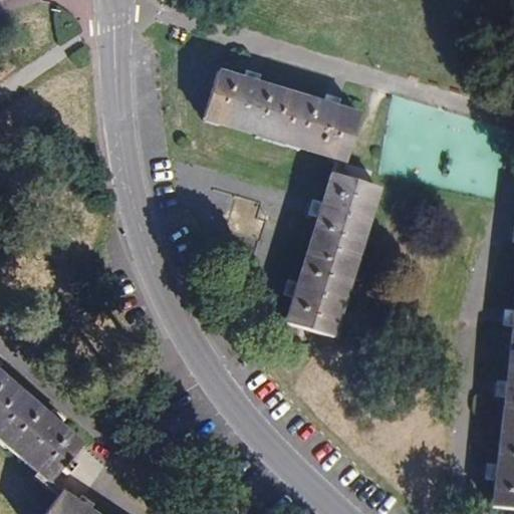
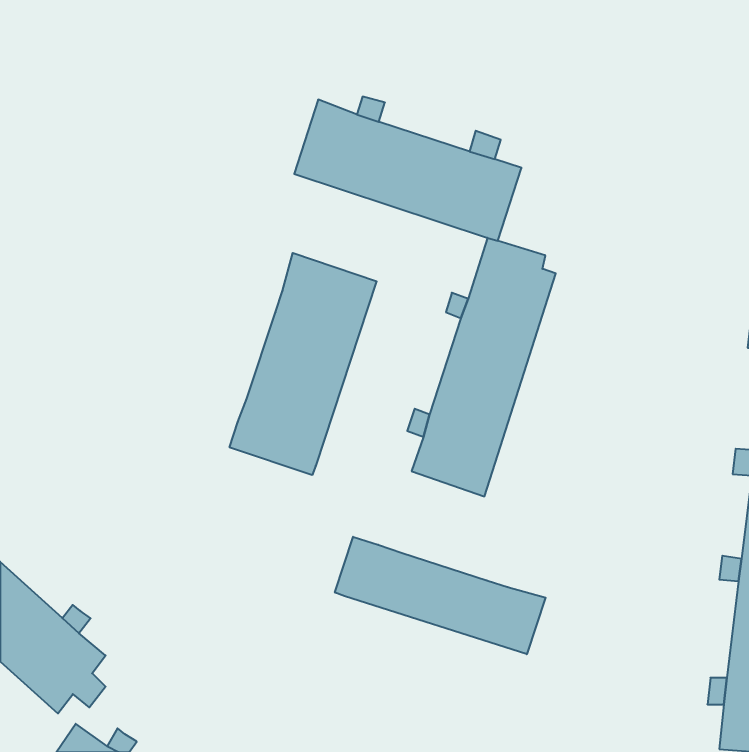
building: none -> [230,253,377,475]
building: none -> [335,537,546,654]

